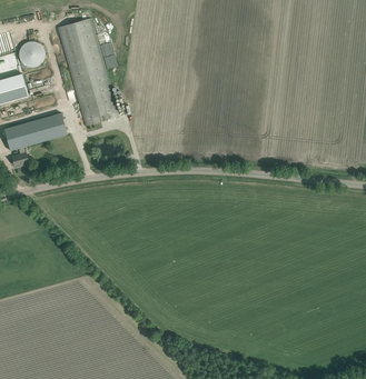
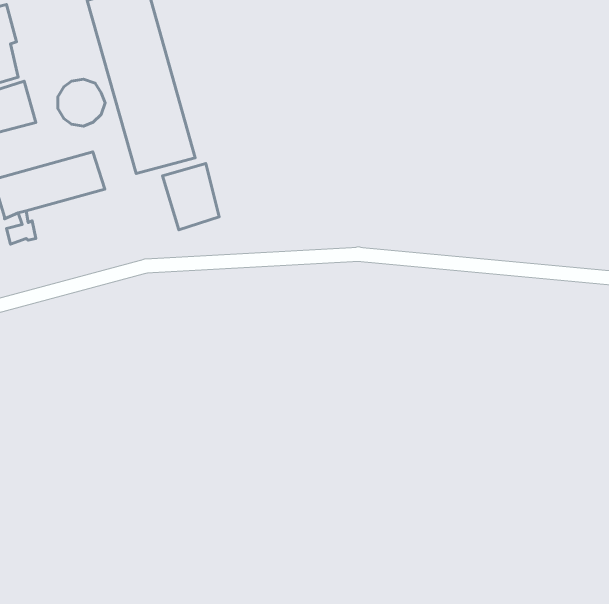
building: [19,42,46,69] -> [58,79,105,126]
building: none -> [163,164,219,230]

